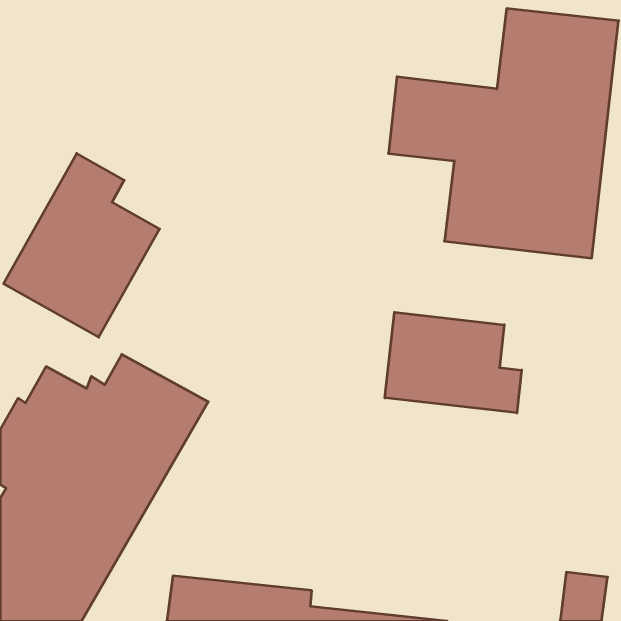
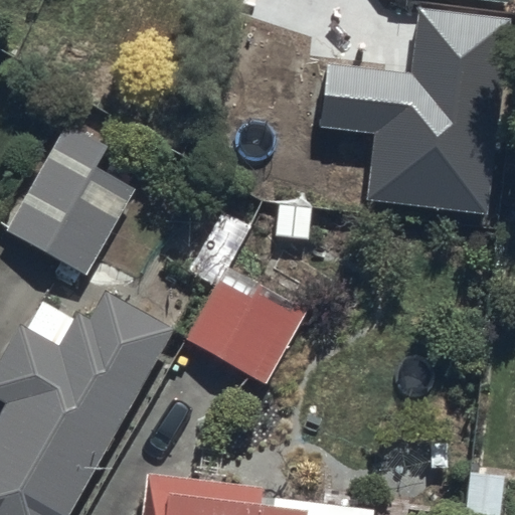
building: [385,312,522,413] -> none
building: none -> [184,283,305,388]

